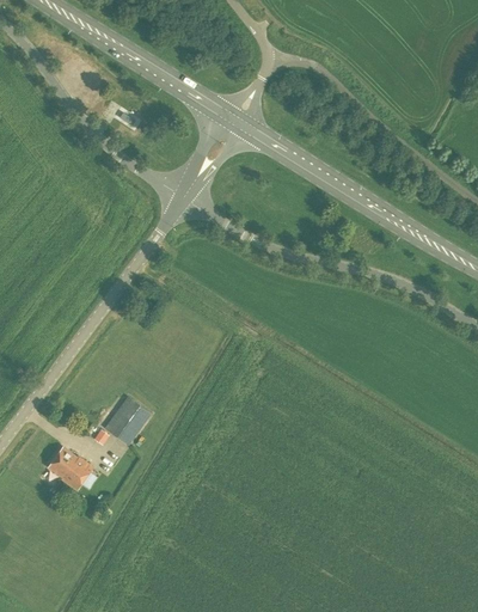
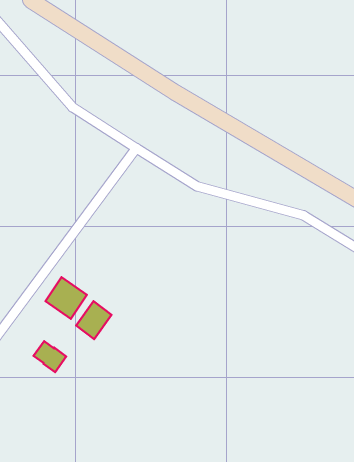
building: none -> [46,277,87,319]

